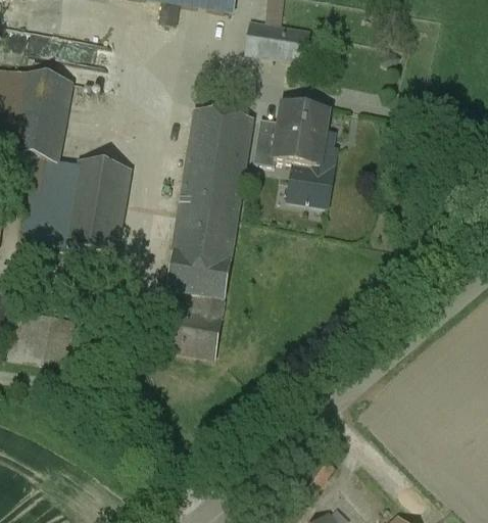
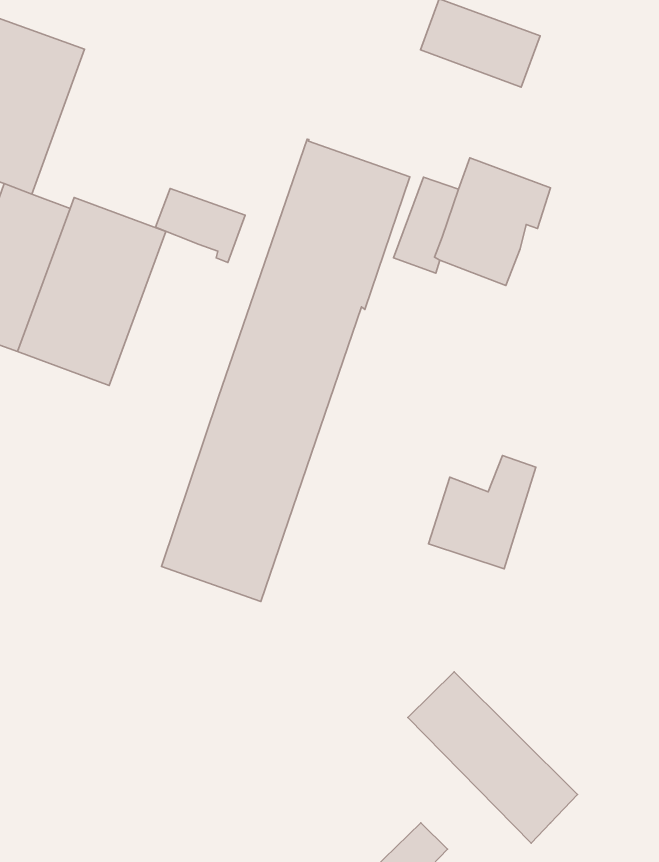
building: [287,143,336,202] -> [428,455,536,569]
building: none -> [156,189,245,262]
building: none -> [408,672,578,843]

